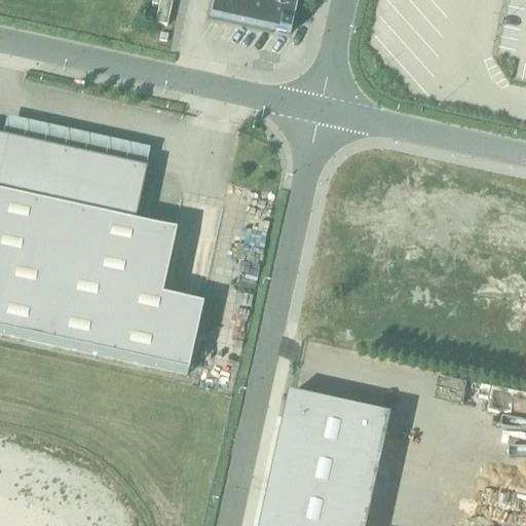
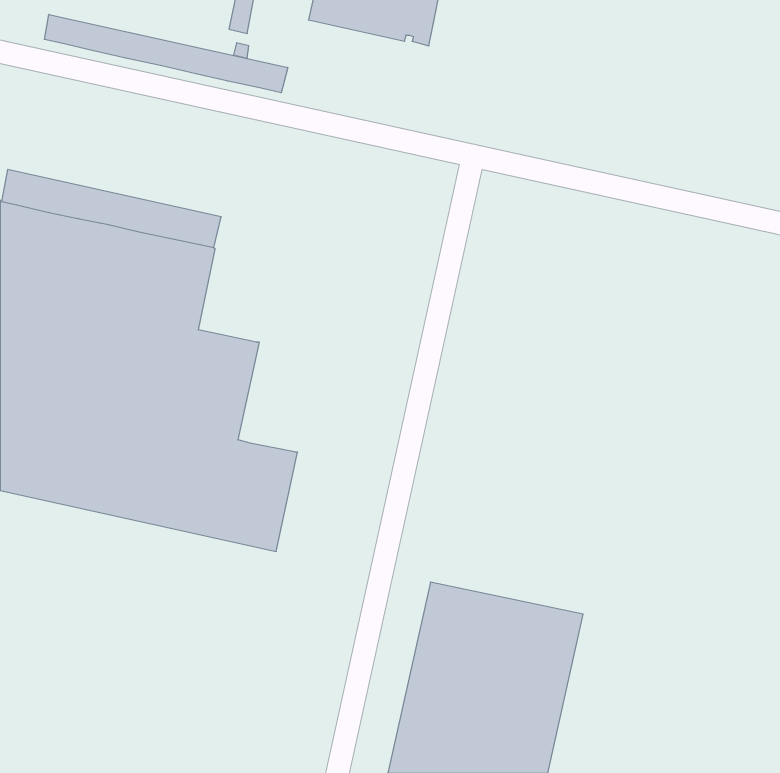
building: none -> [44,14,288,93]

